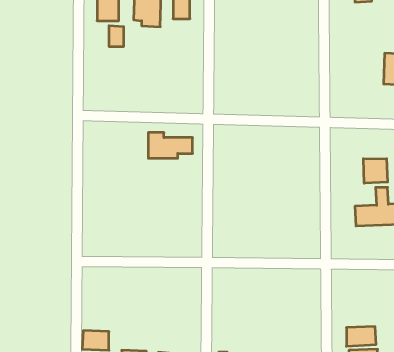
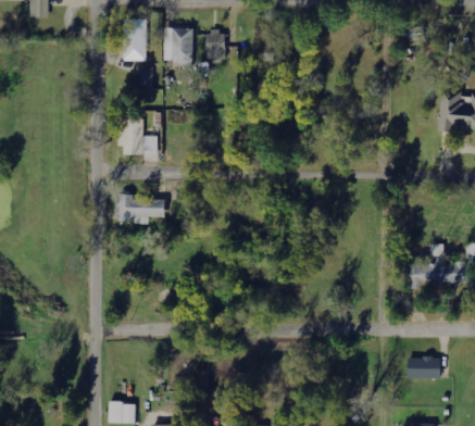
building: none -> [117,118,157,154]
building: [148,133,193,158] -> [116,193,165,222]
building: [363,159,388,183] -> none
building: [346,327,376,346] -> [408,356,440,378]

